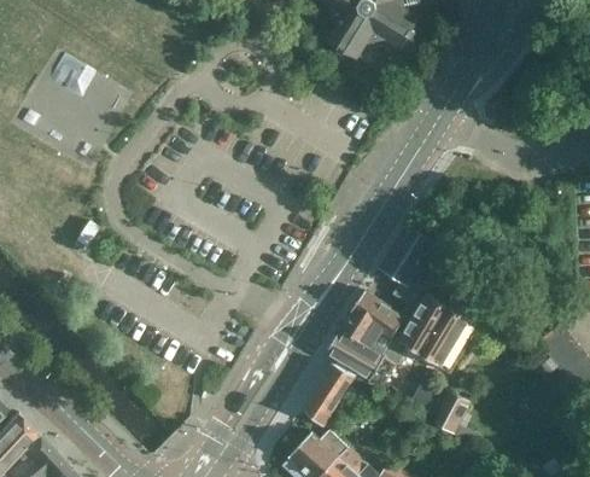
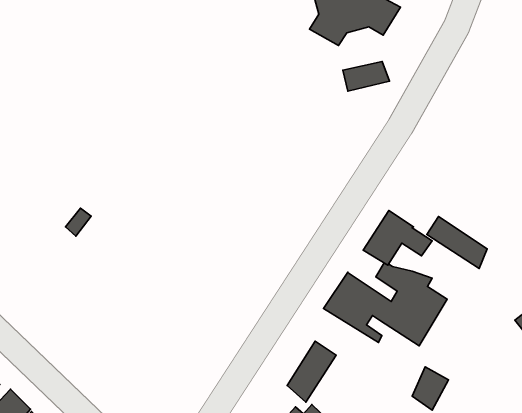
building: none -> [343,61,390,91]
building: none -> [427,216,487,268]
building: [325,331,408,391] -> none

